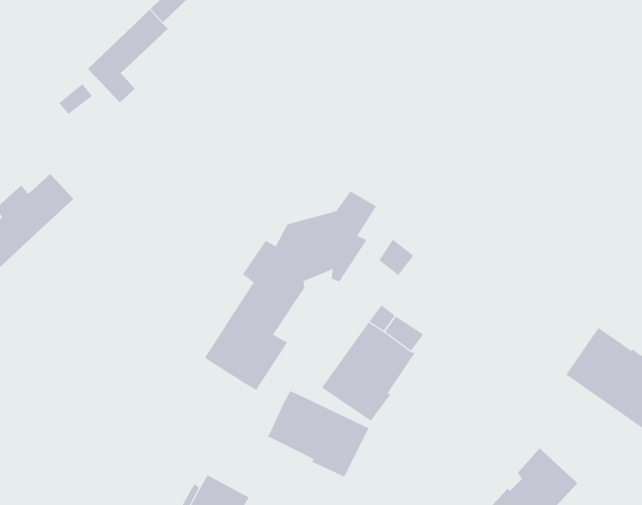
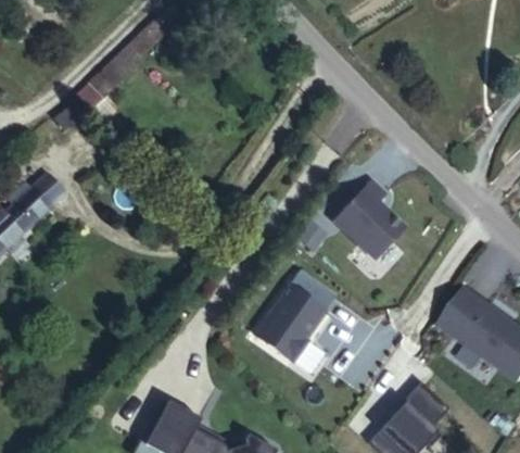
building: none -> [335,181,405,259]
building: [204,191,377,391] -> none
building: [266,390,369,477] -> none

